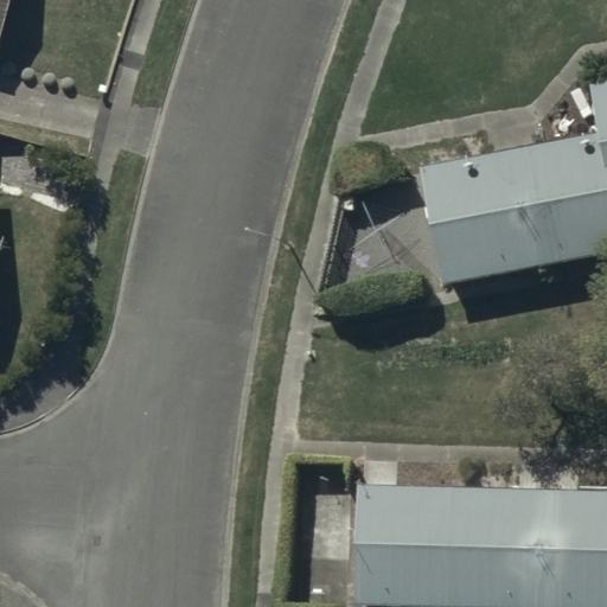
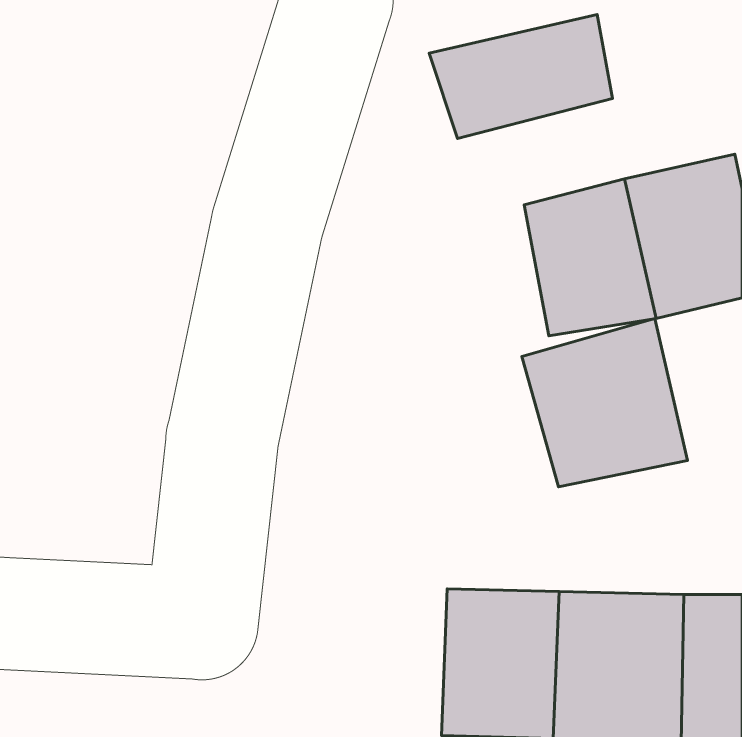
building: none -> [429,15,612,139]
building: none -> [522,319,687,487]

